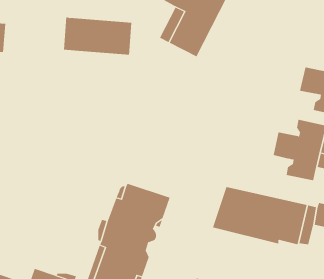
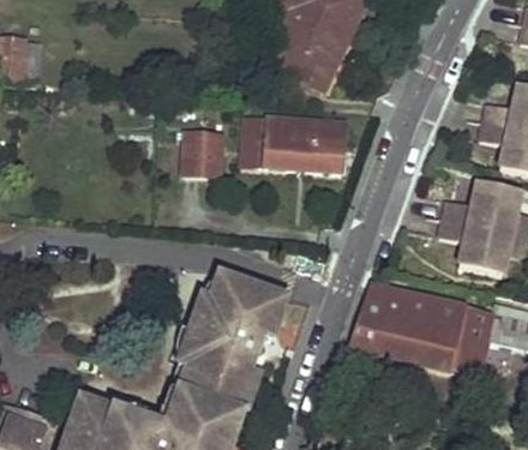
building: [63,17,132,55] -> [239,112,342,169]
building: none -> [187,131,224,173]

